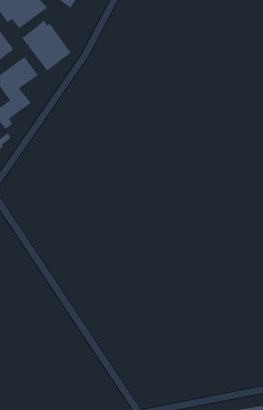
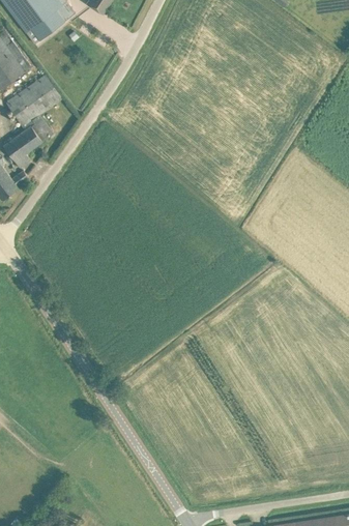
building: [22,20,72,72] -> none

